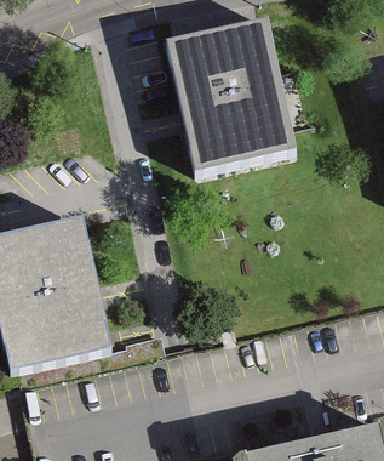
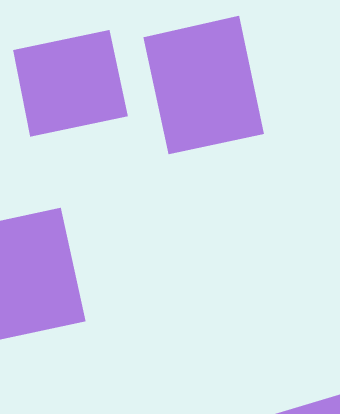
building: none -> [13,29,128,138]

